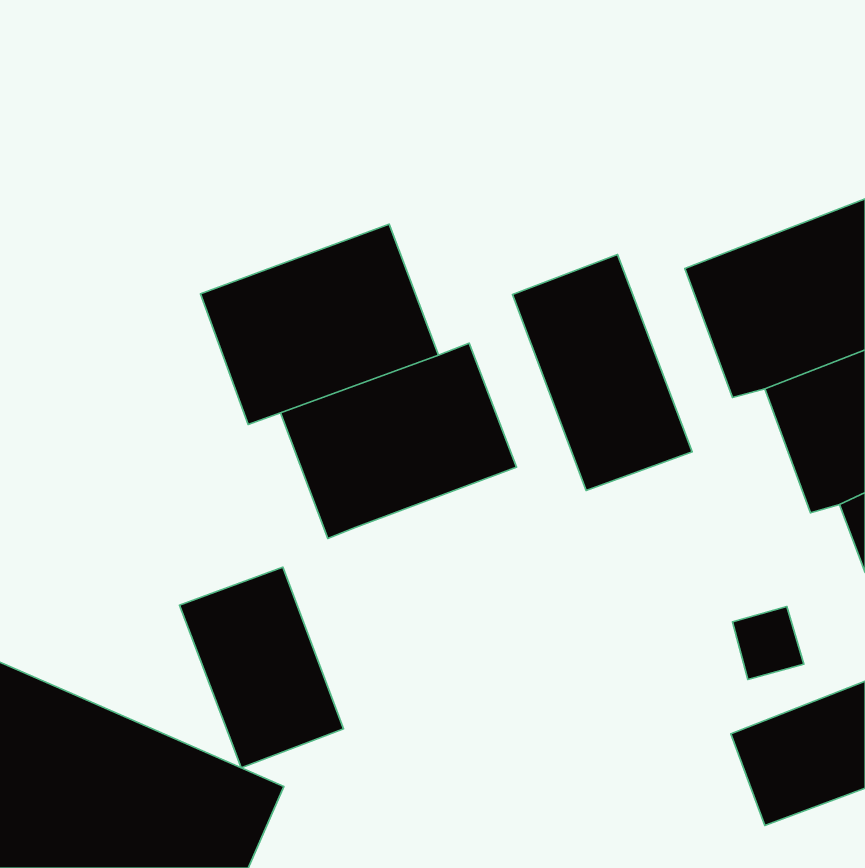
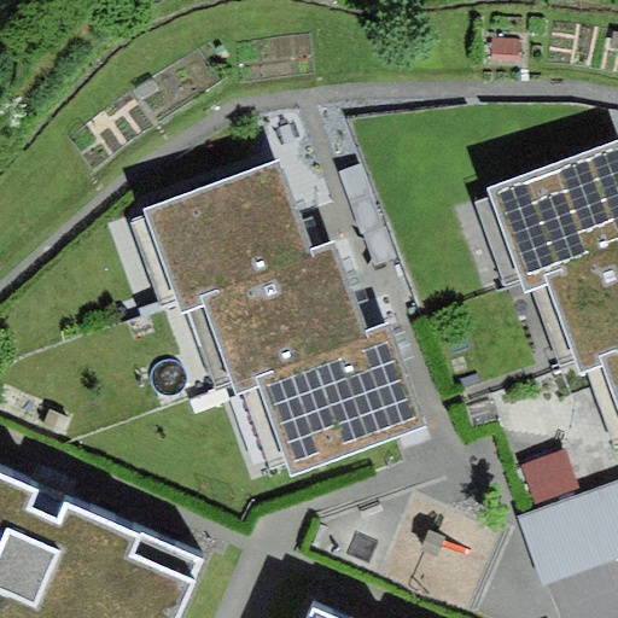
building: [512,254,692,490] -> none
building: none -> [251,325,424,477]
building: [180,567,344,768] -> none

